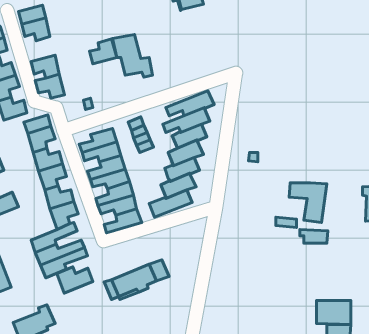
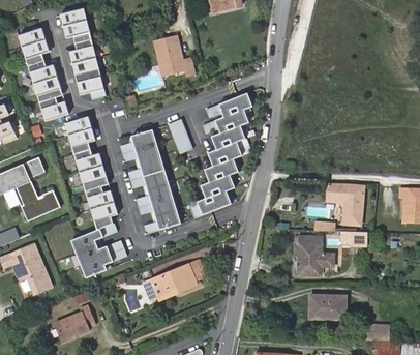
building: [90,39,117,64] -> [68,38,95,63]
building: none -> [297,236,332,276]
building: [57,267,93,293] -> none
building: [316,301,351,325] -> [310,294,344,318]

